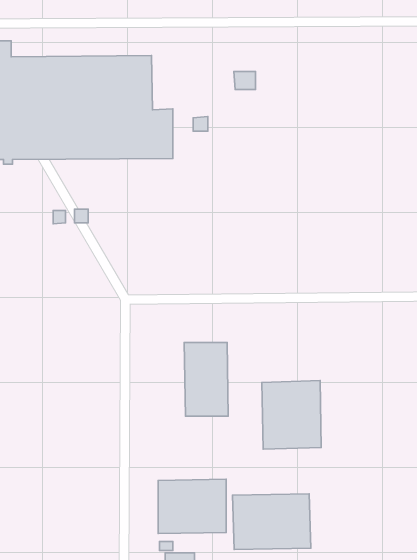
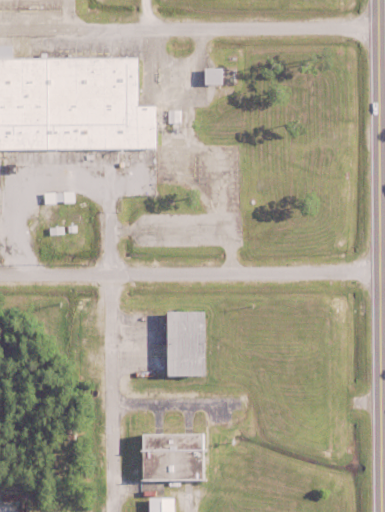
building: [262,381,321,449] -> none
building: [233,494,311,550] -> none

